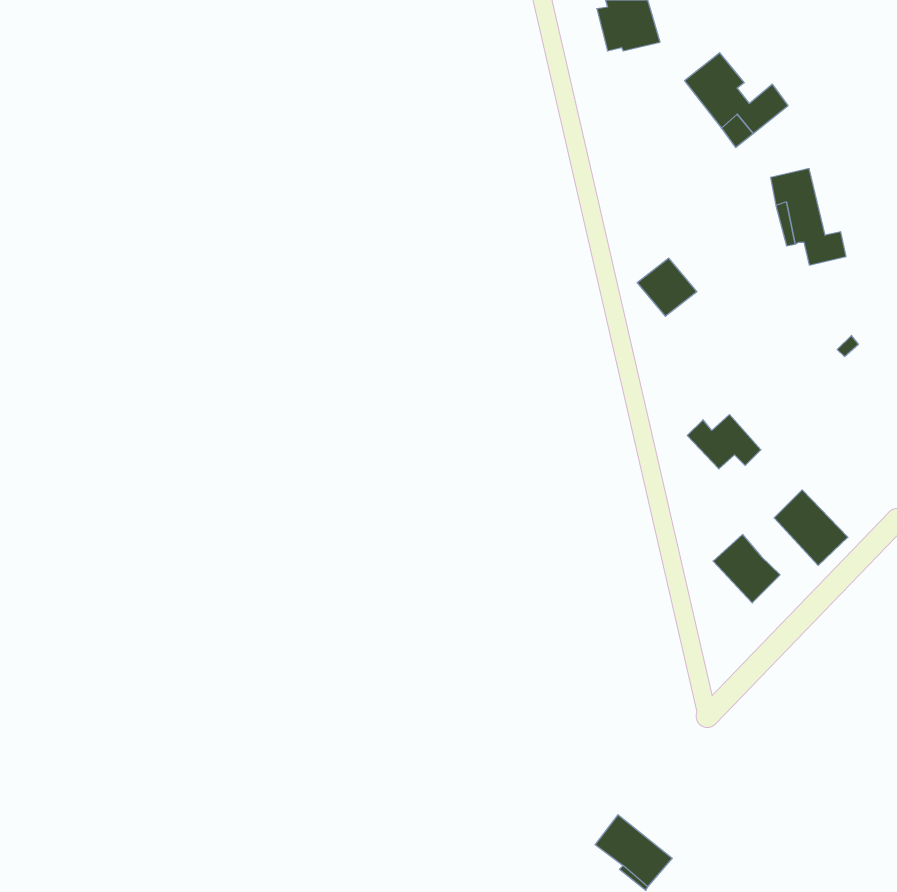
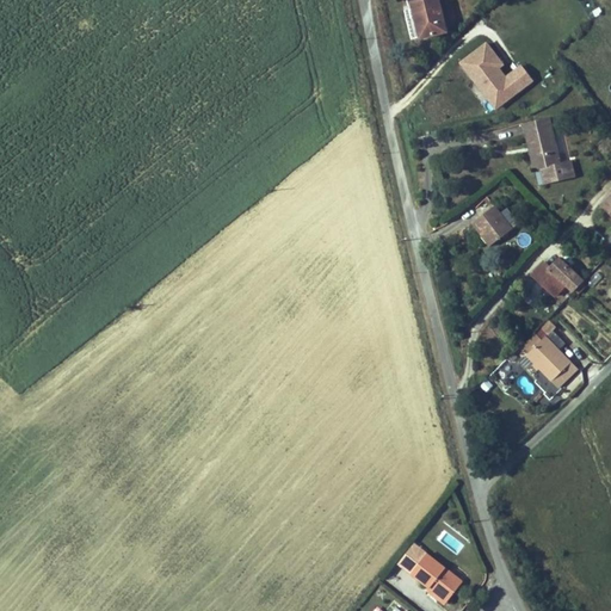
building: [637,258,697,316] -> [471,204,512,243]
building: [687,415,761,469] -> [532,257,582,294]
building: [713,535,780,603] -> none

